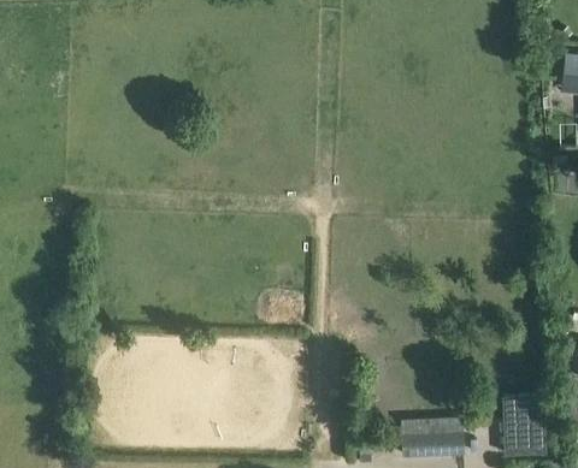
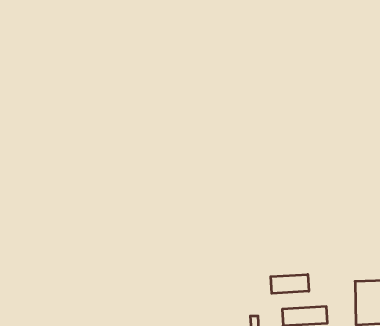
building: none -> [271,274,309,293]

